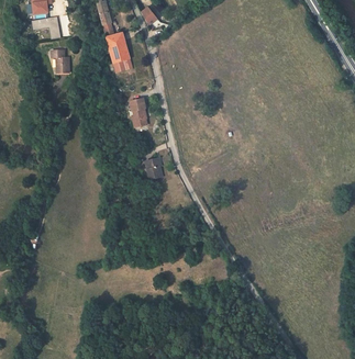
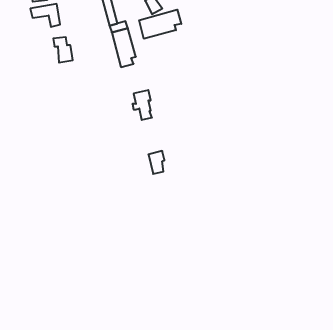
building: none -> [139,10,181,39]

